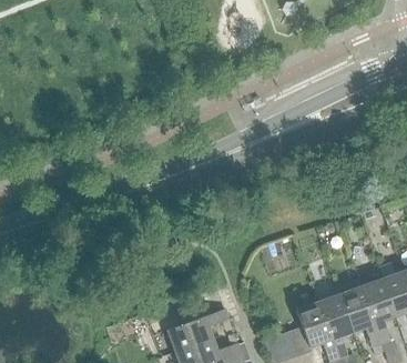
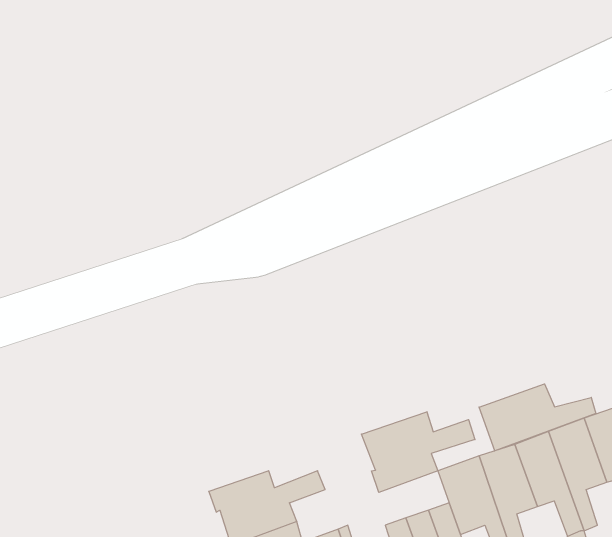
building: none -> [479,384,596,451]
building: none -> [361,412,475,492]

